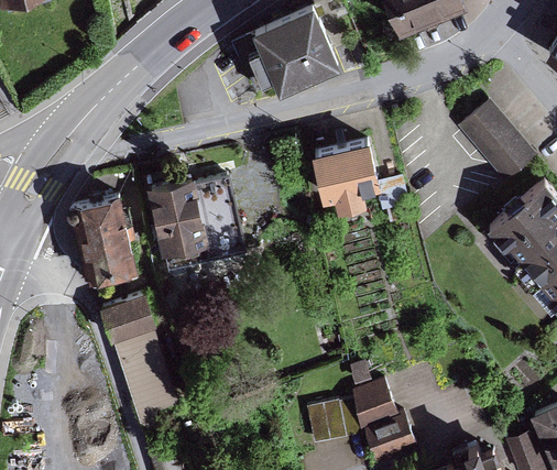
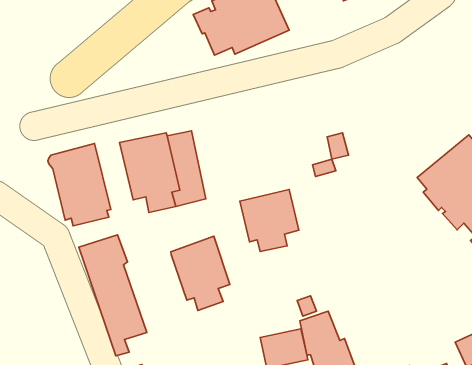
building: [466,110,537,184] -> none
building: [313,140,380,210] -> [240,189,299,252]
building: none -> [171,236,230,310]

